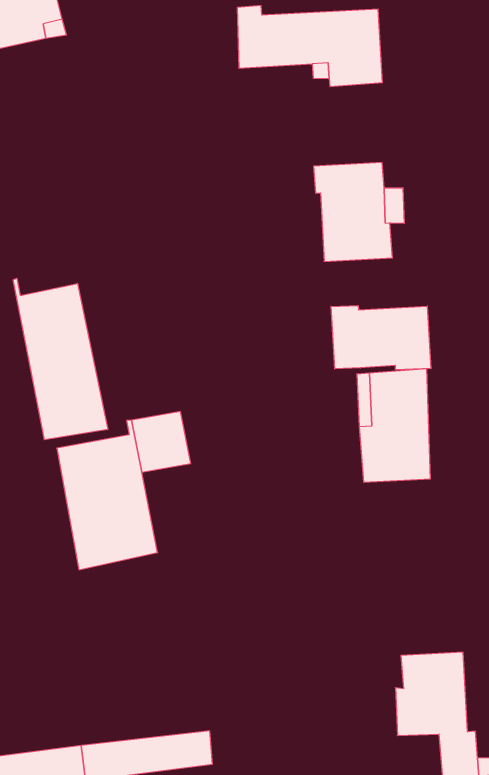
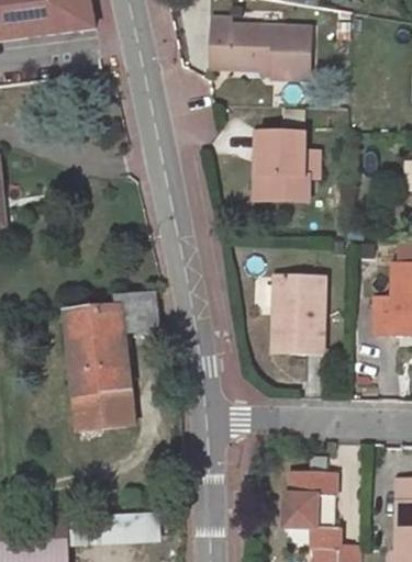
building: [13,278,108,440] -> none
building: [331,306,431,370] -> none
building: none -> [75,387,134,429]

